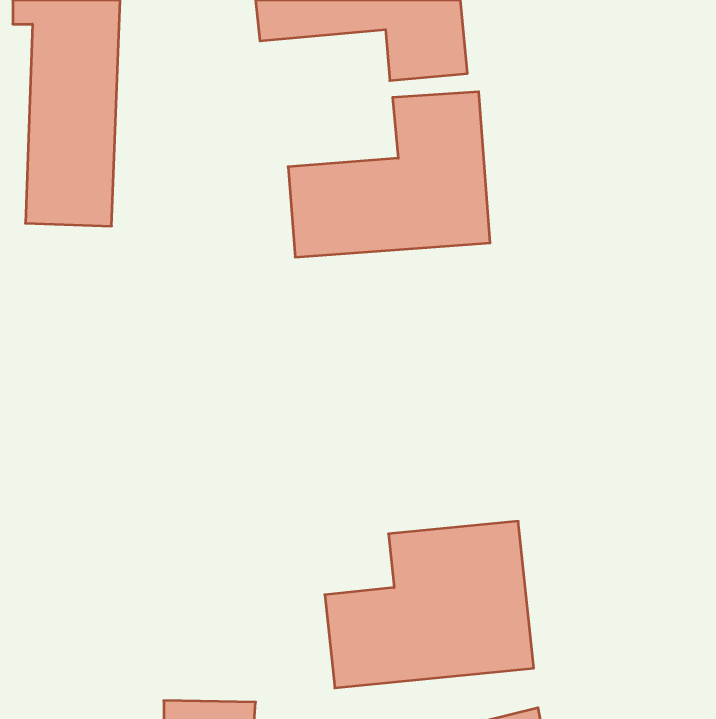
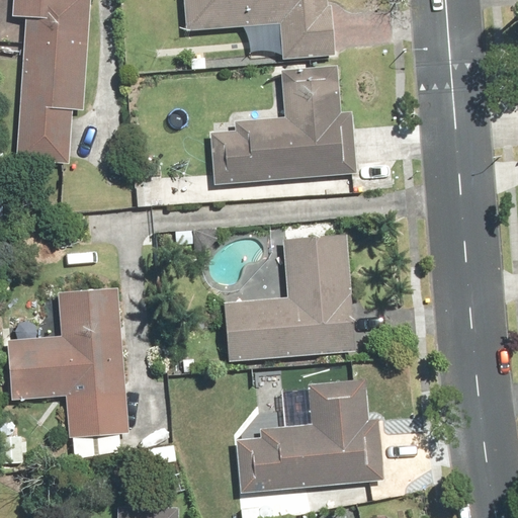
building: none -> [221,230,359,361]
building: none -> [7,280,131,437]

